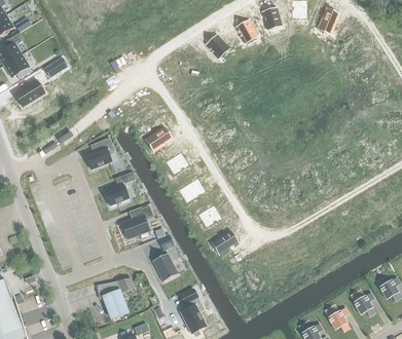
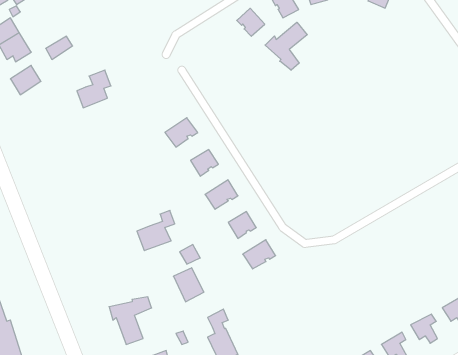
building: none -> [265,22,307,70]
building: [85,137,114,168] -> [77,70,111,108]
building: [104,171,135,205] -> none

